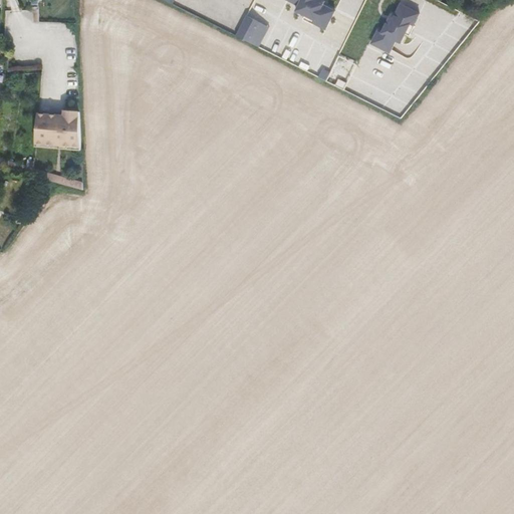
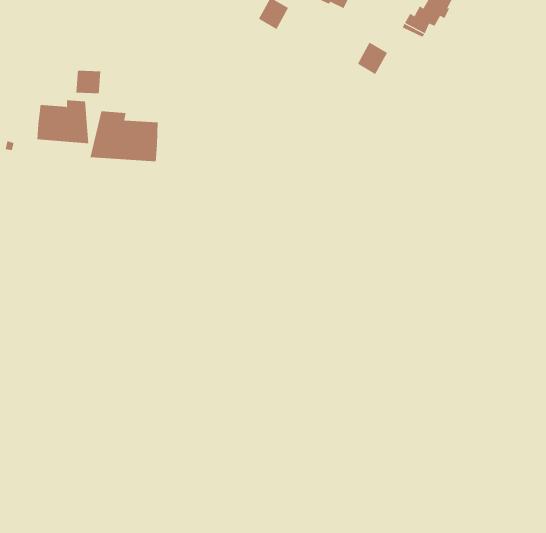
building: none -> [76,70,101,94]
building: none -> [90,110,158,162]

